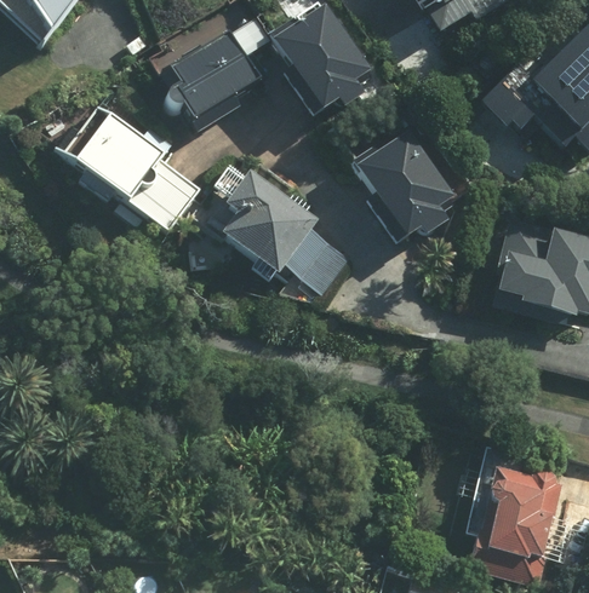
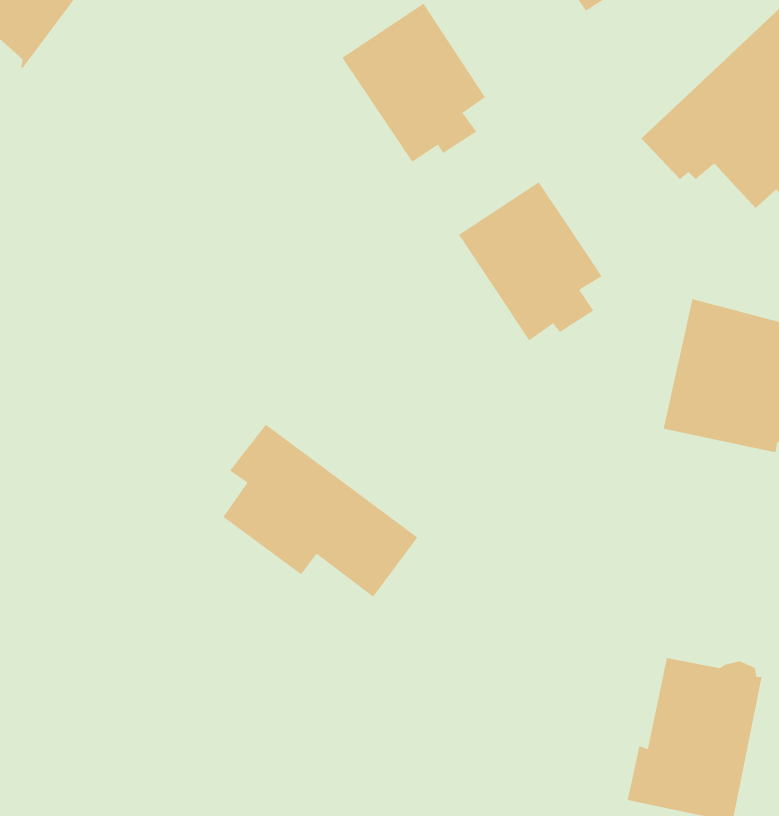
building: [160,29,261,123] -> none
building: [72,110,205,232] -> none
building: [217,173,355,295] -> [222,424,418,598]

